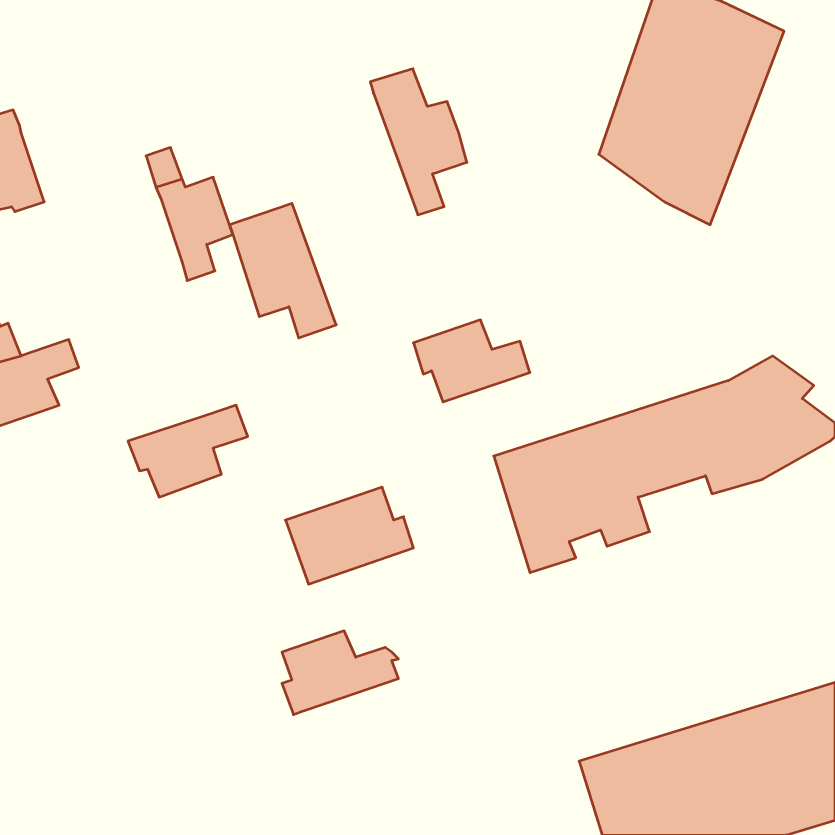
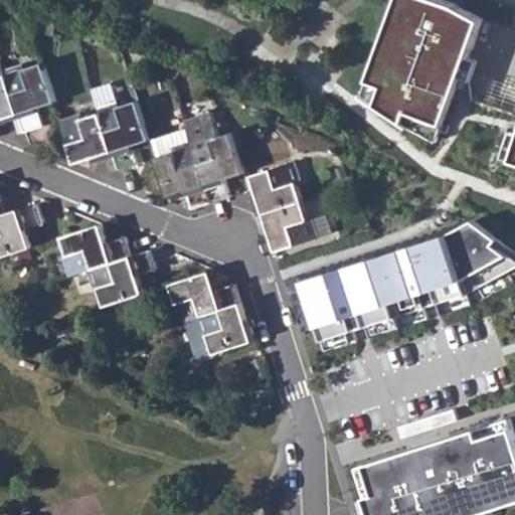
building: [370,69,467,215] -> [177,110,236,199]
building: none -> [12,71,58,138]
building: none -> [64,122,112,169]
building: none -> [244,156,295,210]
building: none -> [56,228,127,277]
building: [282,631,398,715] -> [163,270,234,321]

